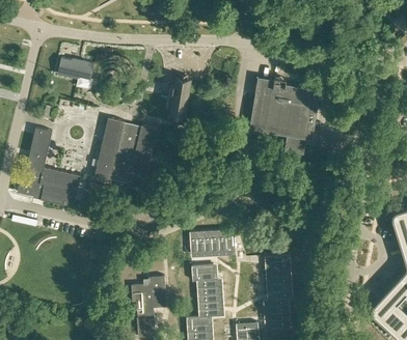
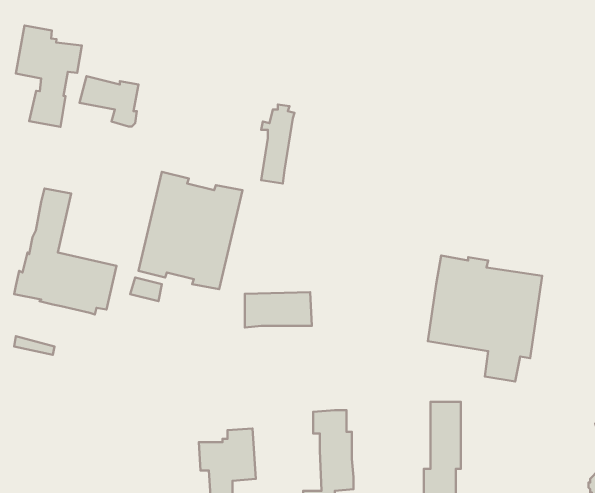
building: none -> [16,25,82,127]
building: [248,77,319,154] -> [428,256,542,382]
building: [200,231,242,253] -> [245,292,312,328]

